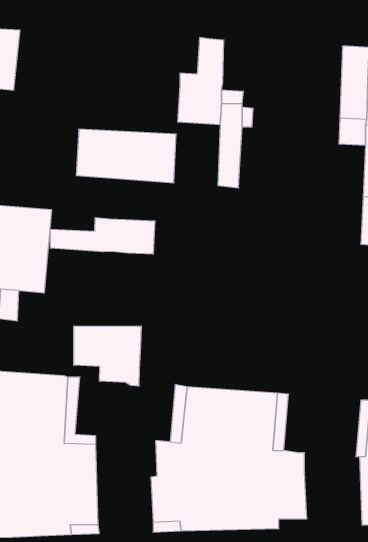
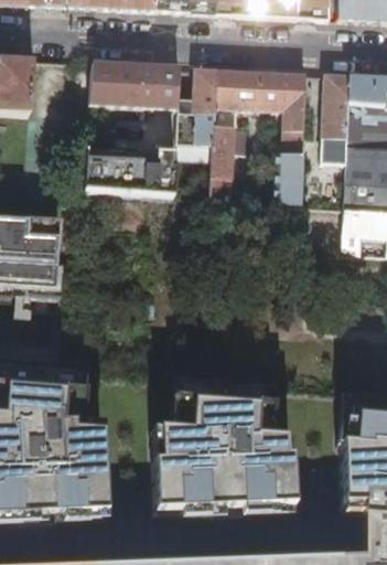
building: none -> [92,61,181,108]
building: none -> [218,67,307,205]
building: [50,218,155,254] -> none
building: [74,326,141,386] -> none

